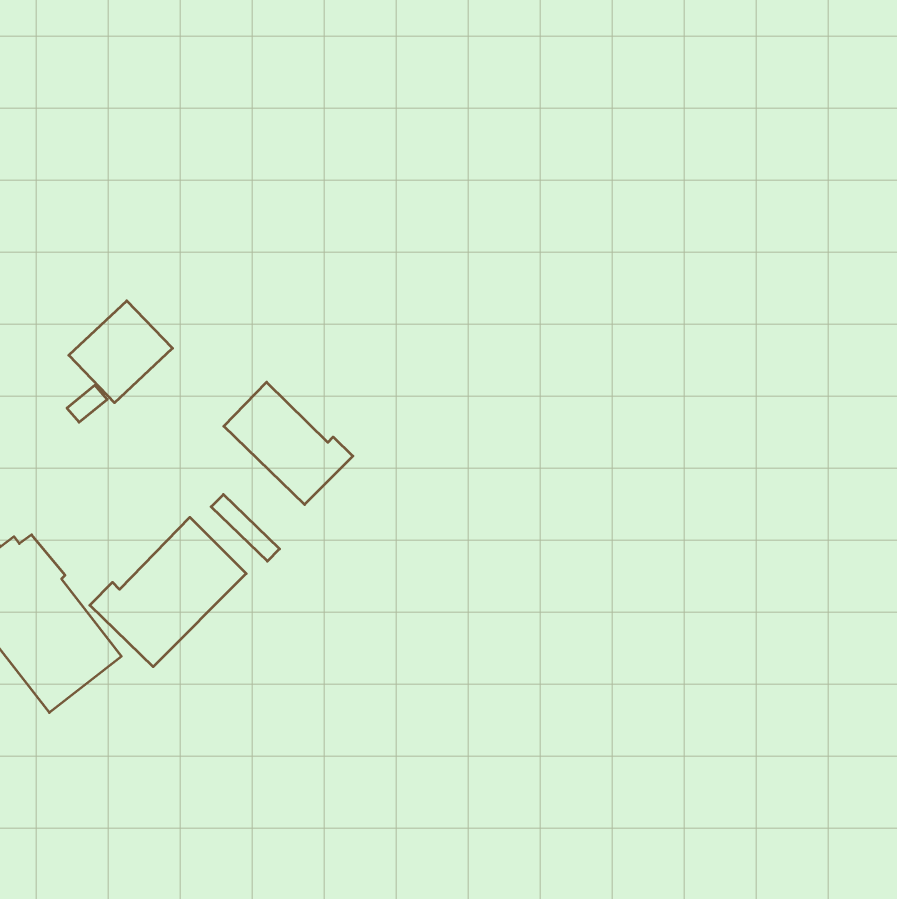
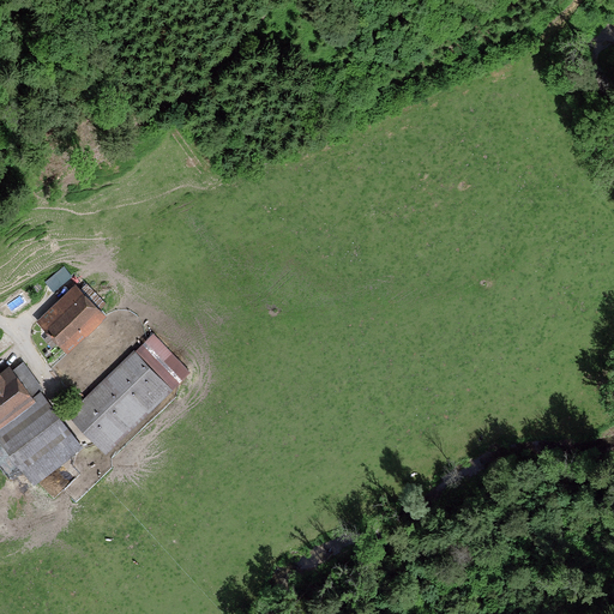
building: [69,301,173,403] -> [36,284,107,354]
building: [224,382,353,505] -> none

